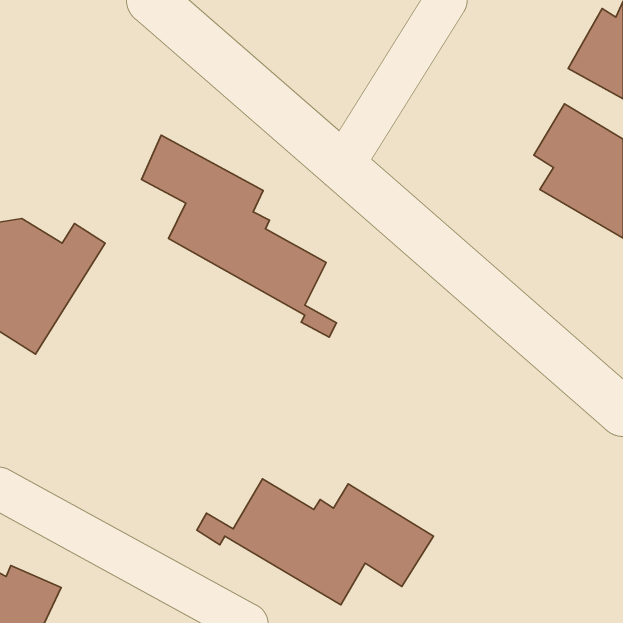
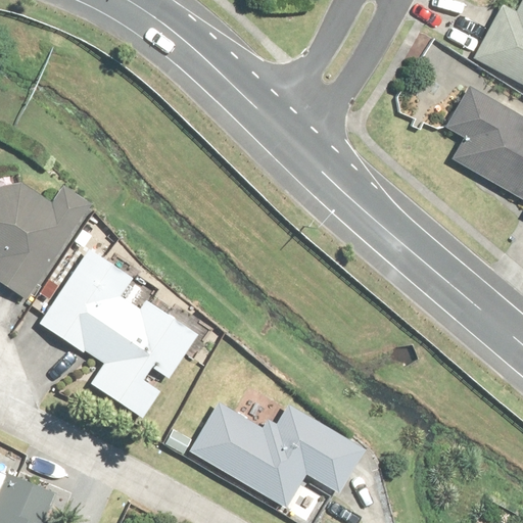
building: [142,135,337,337] -> none
building: none -> [42,250,197,417]

